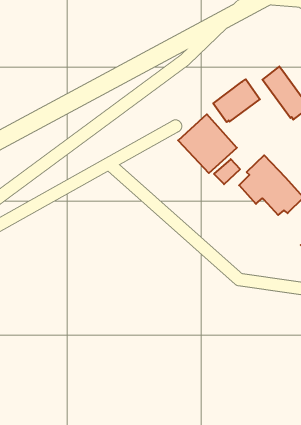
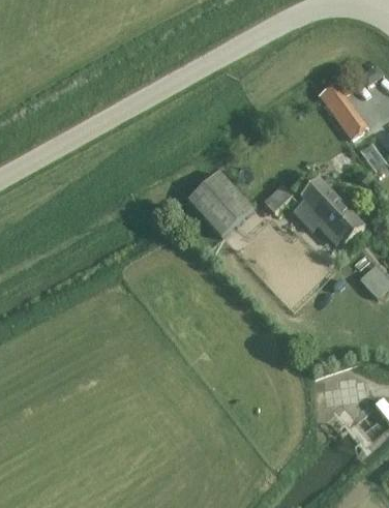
building: [213,79,260,122] -> none
building: [178,114,237,173] -> [186,171,251,236]

